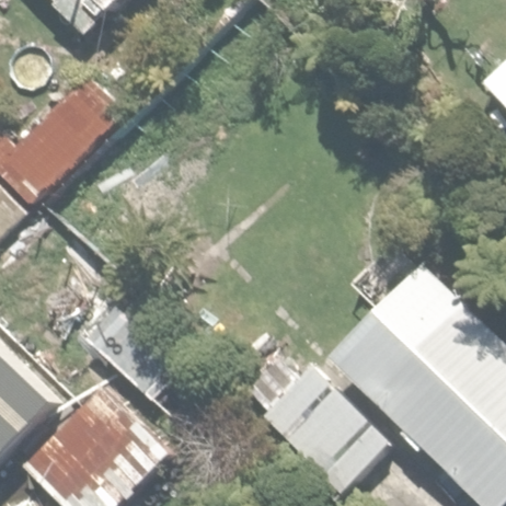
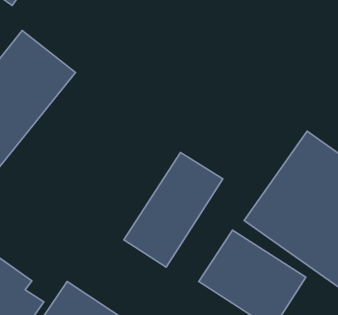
building: none -> [124,152,223,267]

